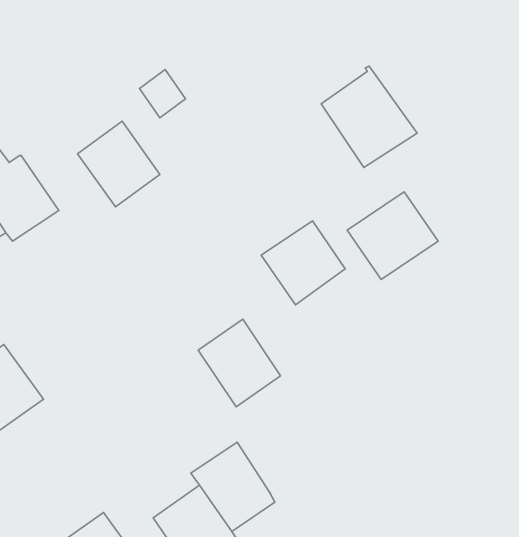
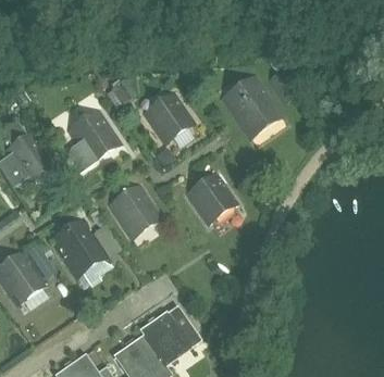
building: none -> [141,88,197,142]
building: [347,192,438,280] -> none
building: none -> [50,216,104,273]
building: [198,319,281,407] -> [108,181,160,237]

